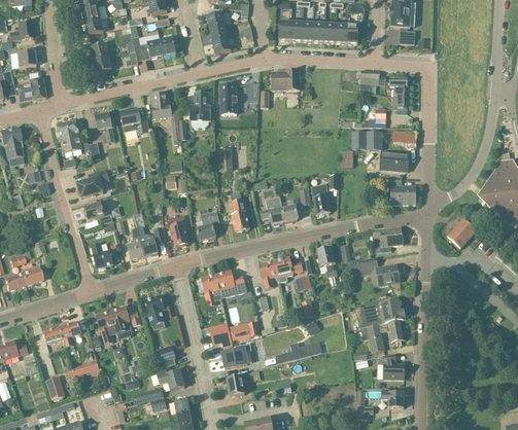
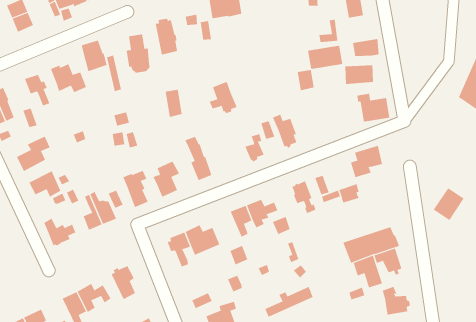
building: [261,196,285,225] -> [209,81,237,114]
building: [447,218,477,248] -> [433,187,465,221]
building: [376,263,401,286] -> none

